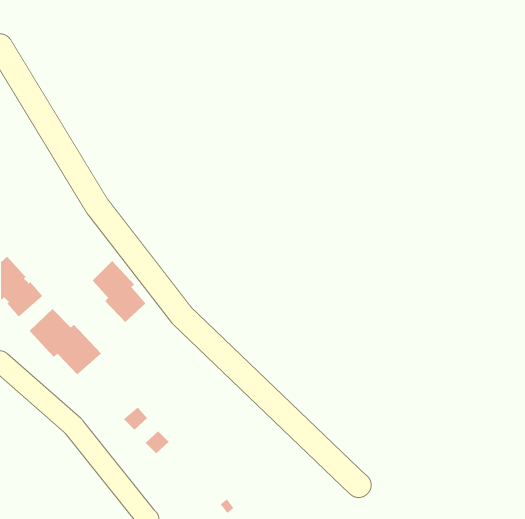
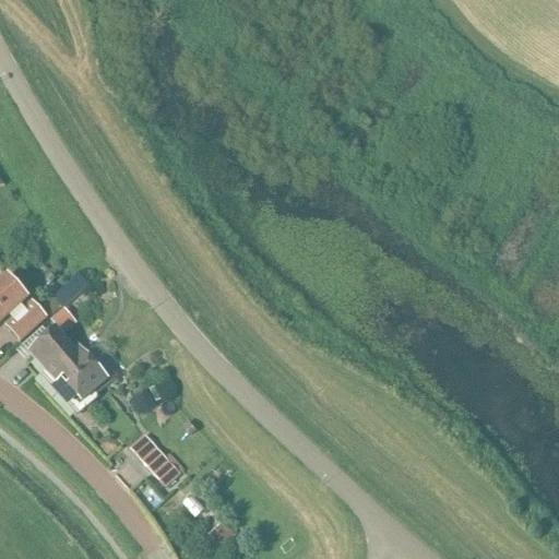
building: [92,260,146,323] -> none

